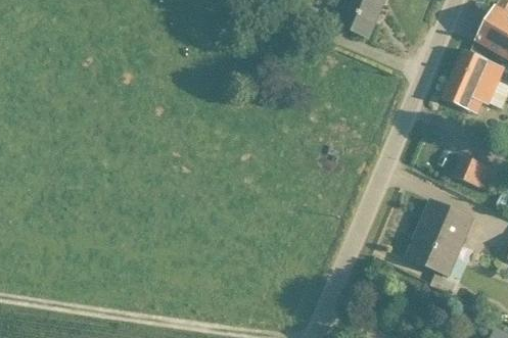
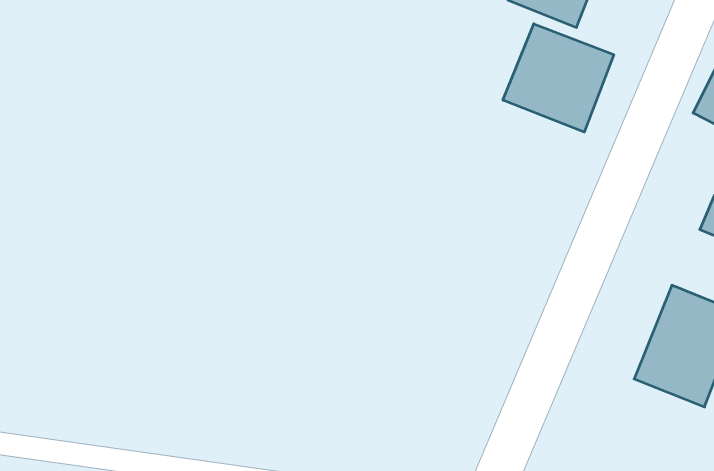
building: none -> [503,24,614,132]

